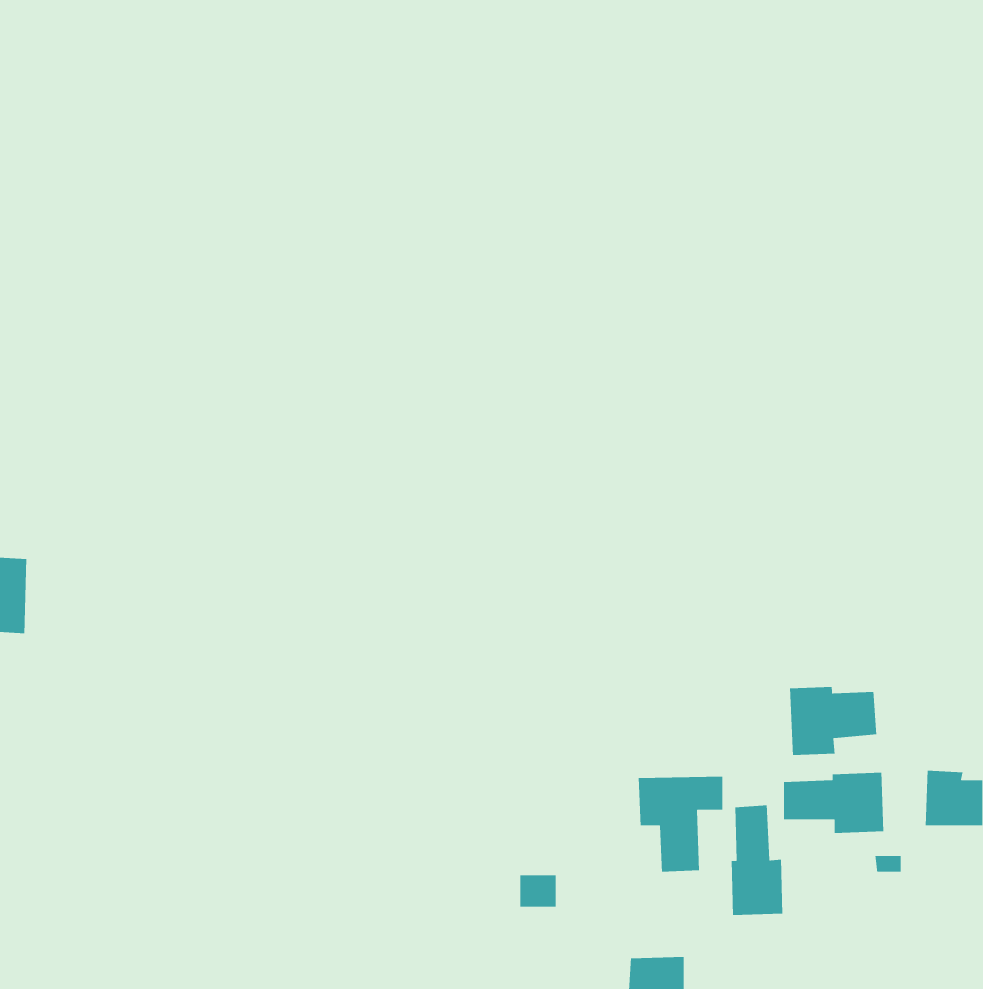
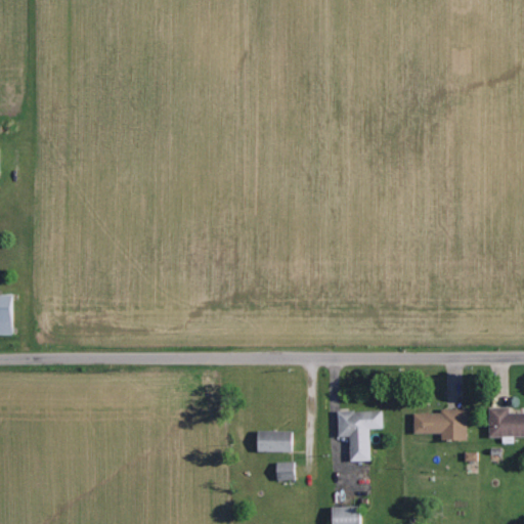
building: [789,686,877,756] -> none
building: [731,804,783,916] -> none
building: none -> [256,431,292,452]

